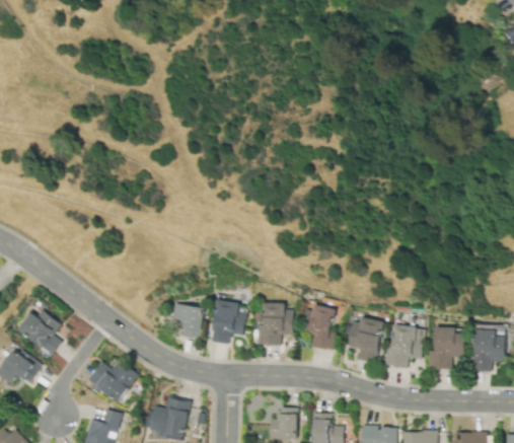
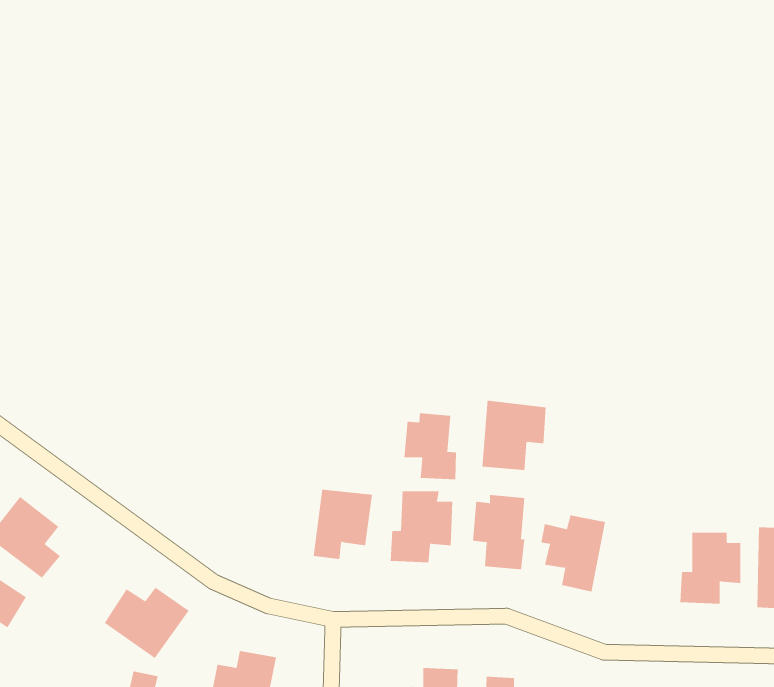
building: none -> [482,400,546,471]
building: none -> [404,412,457,480]
building: [173,303,204,339] -> none
building: [385,324,425,368] -> none

